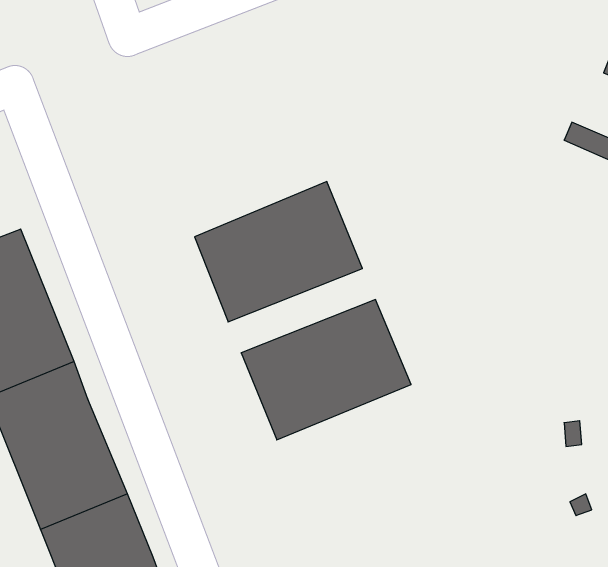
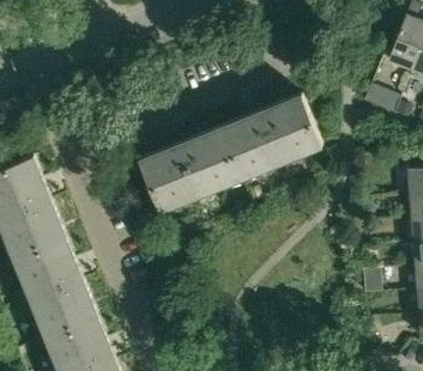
building: [241,300,411,440] -> [218,96,321,181]

